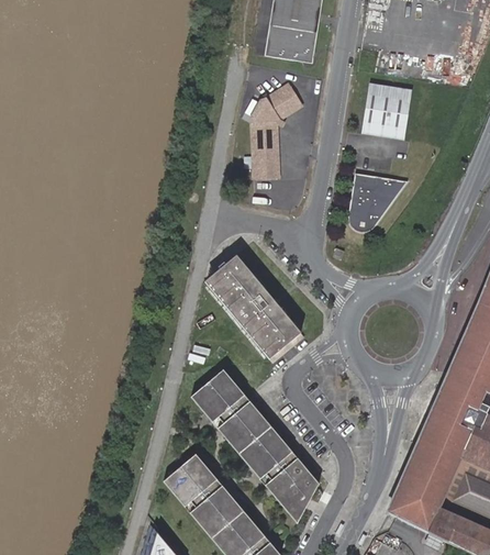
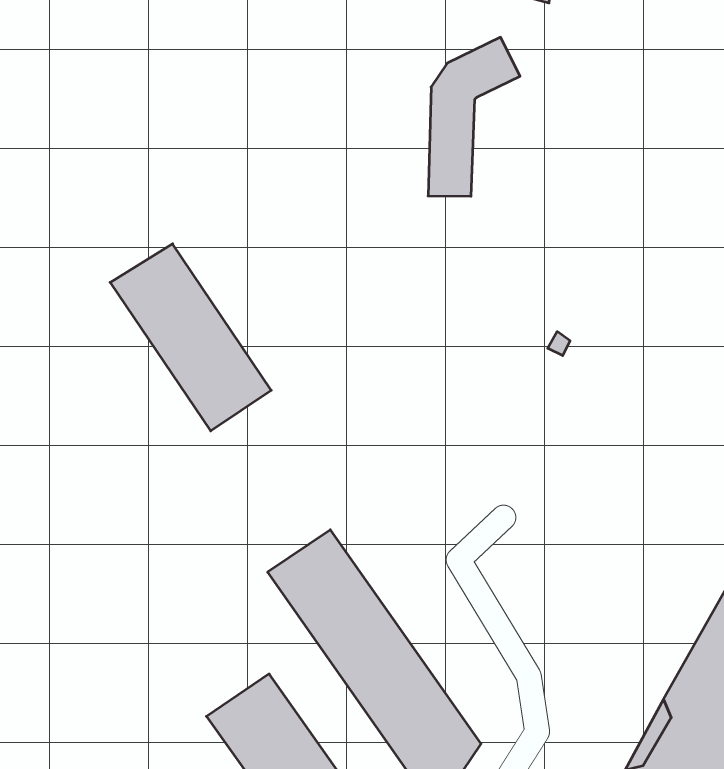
building: [361,81,411,137] -> none
building: [349,173,405,231] -> none
building: [208,251,304,354] -> [110,244,271,431]

